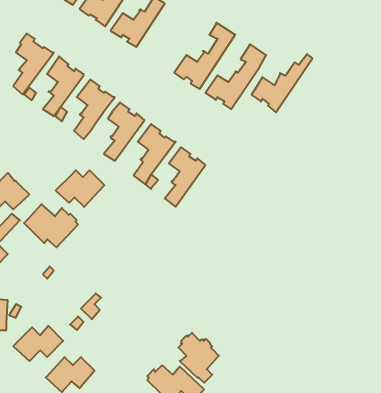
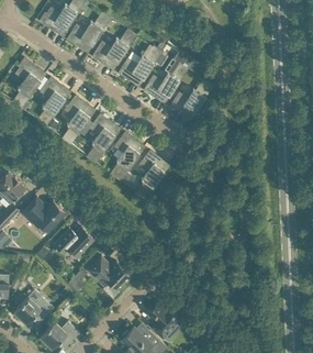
building: [252,54,312,112] -> [119,40,168,87]
building: [56,170,104,207] -> [54,228,93,257]
building: none -> [88,256,131,290]

